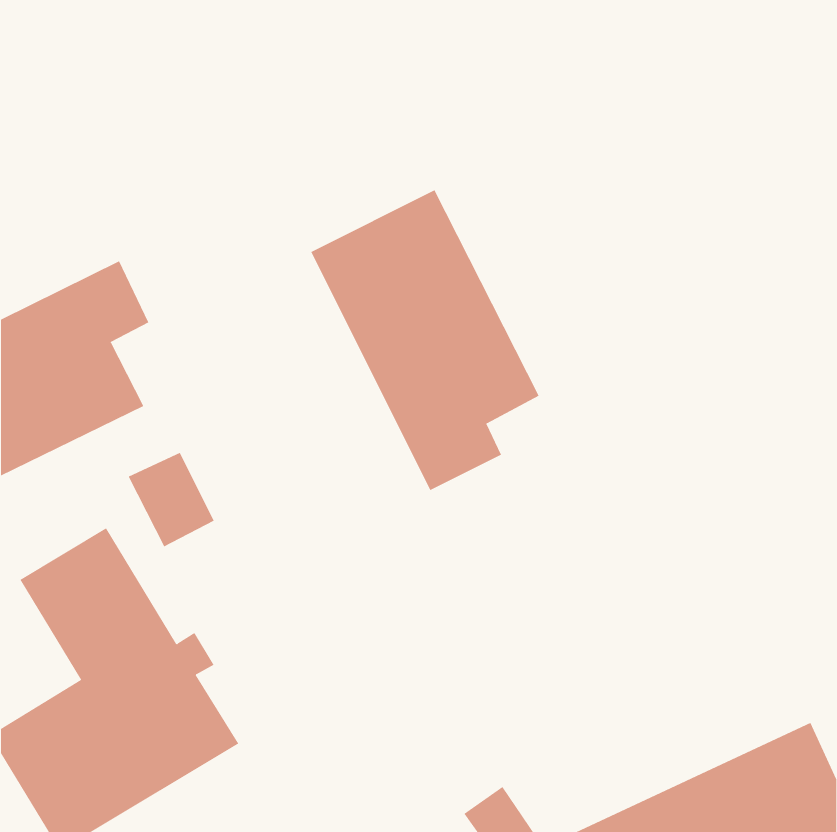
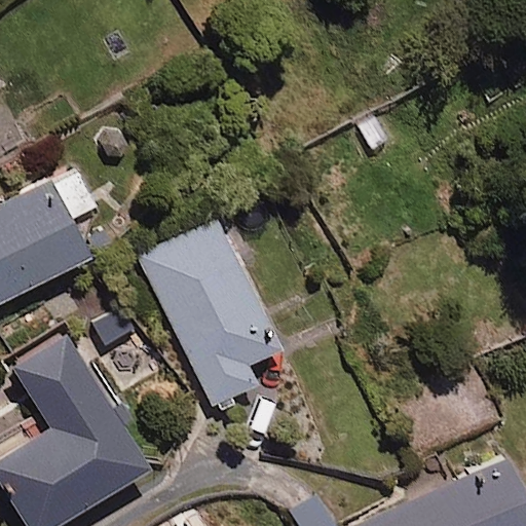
building: [310,190,540,491] -> [138,220,281,409]

